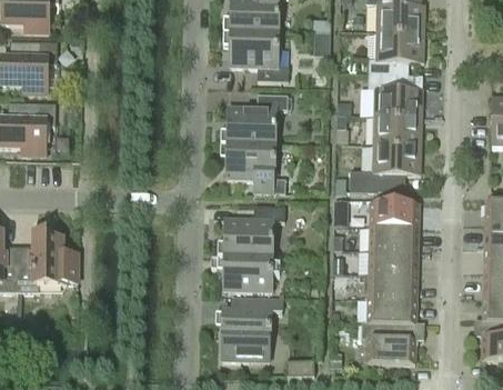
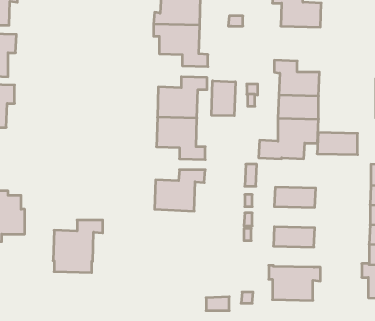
building: [369,32,424,74] -> none
building: none -> [212,81,235,116]
building: [370,201,419,228] -> [317,133,358,155]
building: [369,250,418,276] -> none
building: [223,253,272,291] -> none
building: [222,298,282,361] -> [53,220,103,273]
building: [368,298,416,323] -> none

